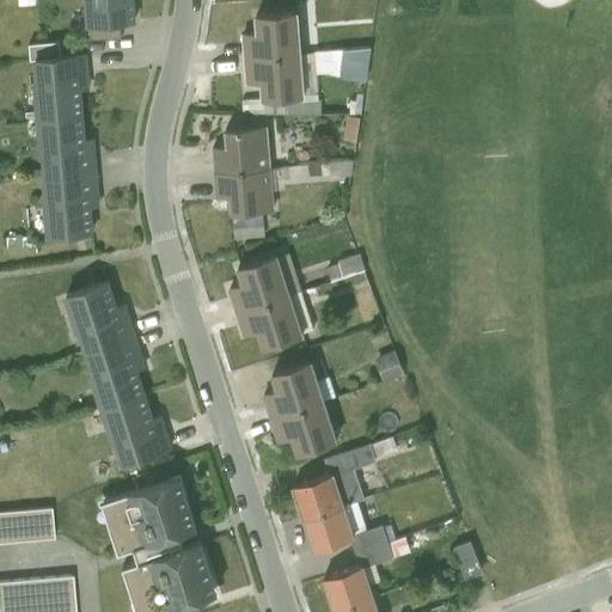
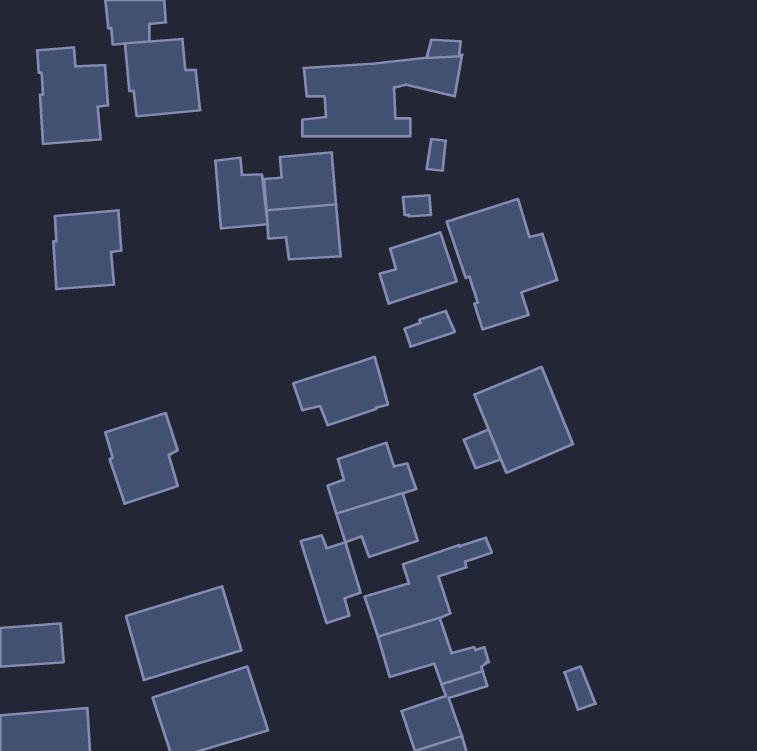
building: [244,14,301,60] -> none
building: [35,117,96,179] -> [125,39,200,116]
building: none -> [215,158,267,229]
building: none -> [447,199,557,329]
building: [230,257,292,314] -> [380,232,457,304]
building: [63,283,134,354] -> none
building: none -> [474,367,573,473]
building: [100,397,170,466] -> none
building: none -> [301,535,361,623]

